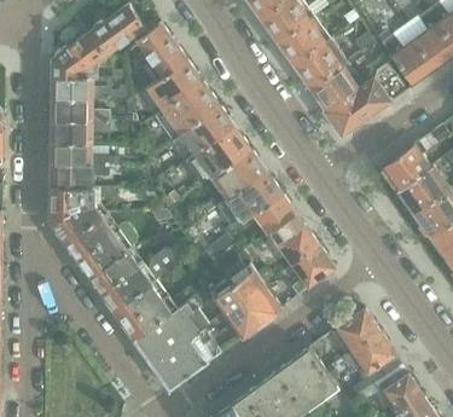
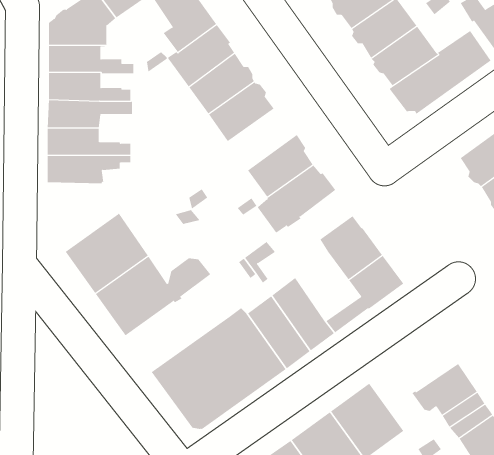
building: [184,128,250,186] -> none
building: [48,187,108,243] -> none
building: [252,193,296,234] -> none
building: [112,280,196,340] -> none
building: [331,308,379,355] -> none

